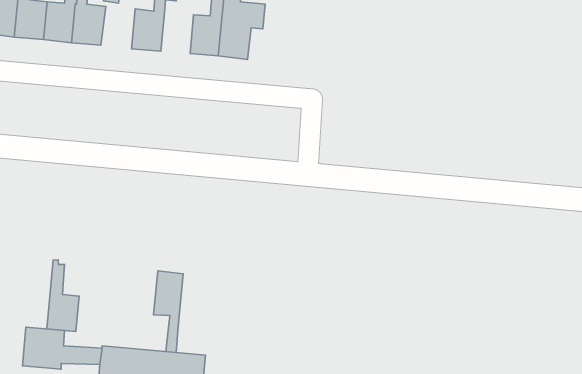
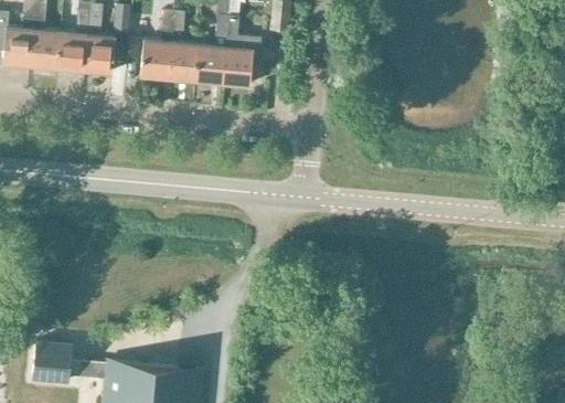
building: none -> [161,45,192,84]
building: [47,260,79,332] -> none
building: [154,271,183,352] -> none

